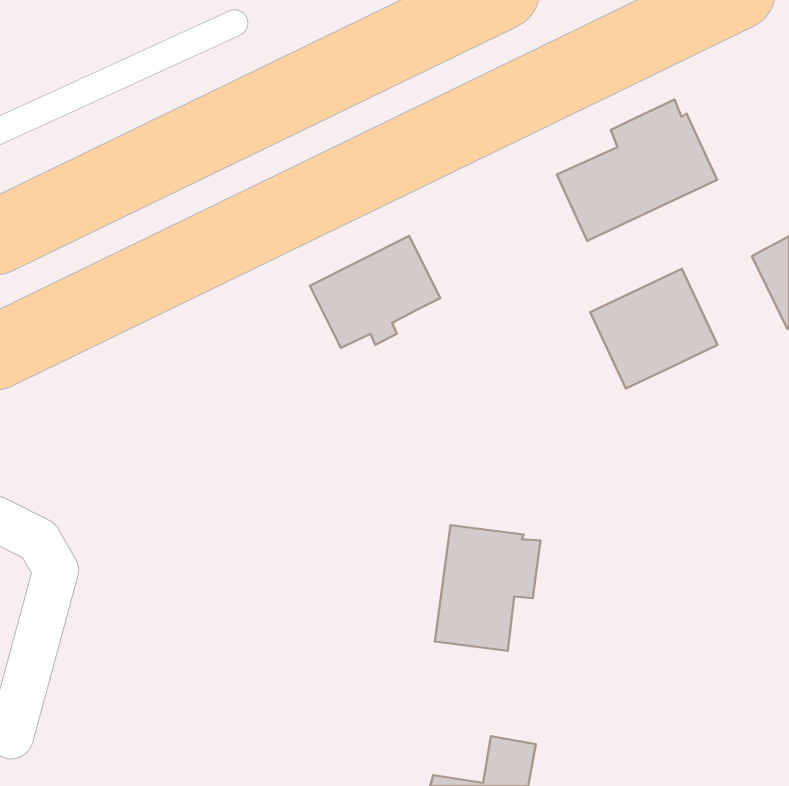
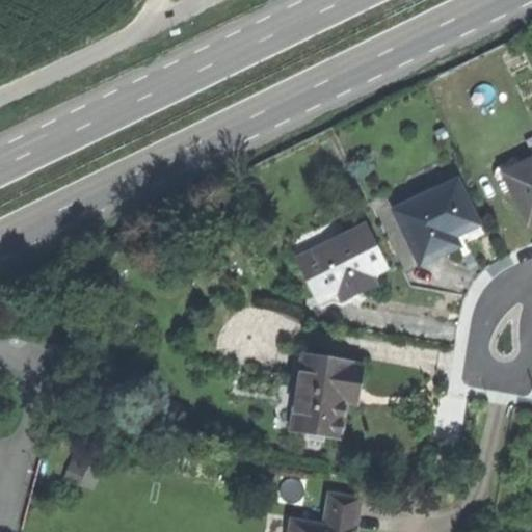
building: [557,100,717,241] -> none
building: [310,236,440,348] -> [297,224,384,299]

